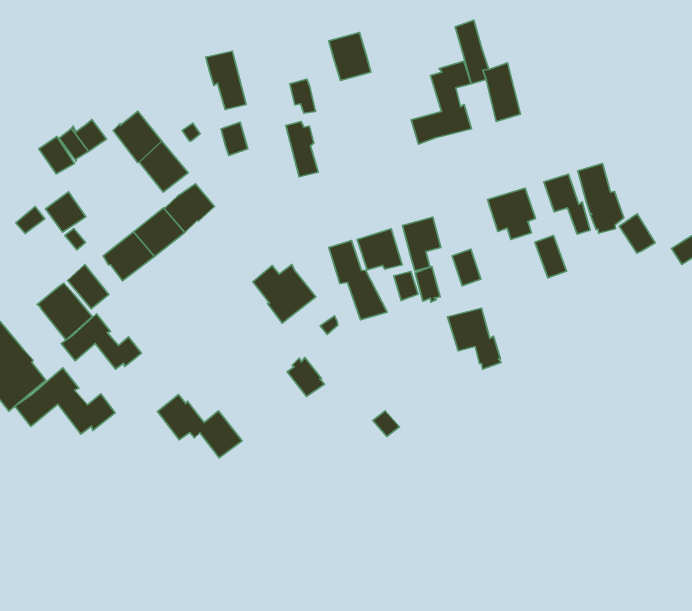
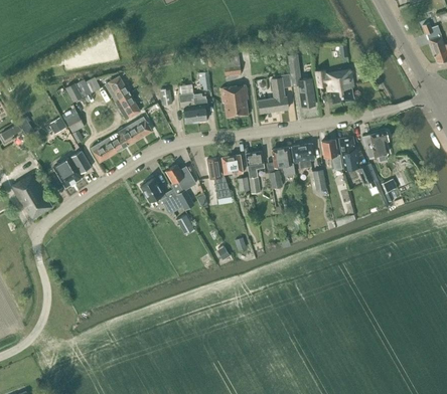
building: none -> [314,69,353,103]
building: [206,51,246,109] -> [179,93,196,123]
building: none -> [220,85,248,118]
building: none -> [362,131,389,163]
building: [447,308,501,369] -> [271,148,295,179]
building: [61,314,141,369] -> none
building: [15,368,115,434] -> none
building: [157,395,242,458] -> [141,179,182,214]

